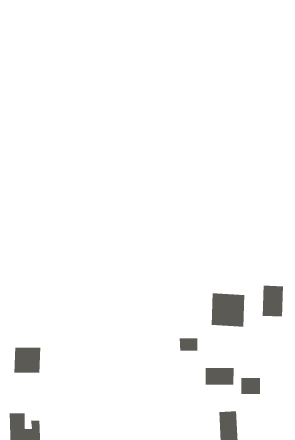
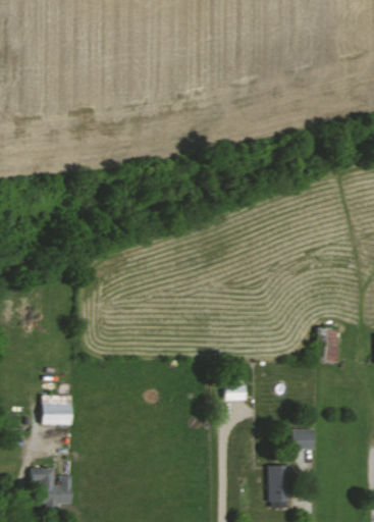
building: [211,292,245,328] -> none
building: [205,367,234,385] -> none

